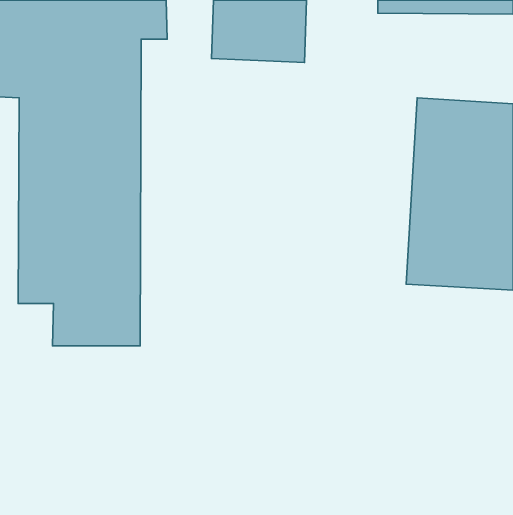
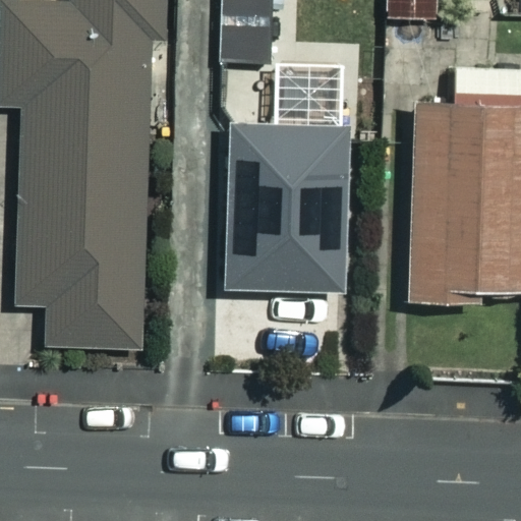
building: none -> [227,120,352,289]

